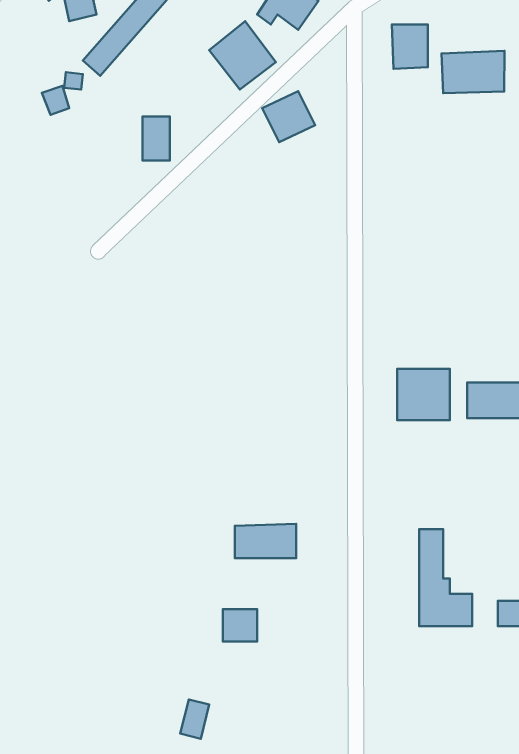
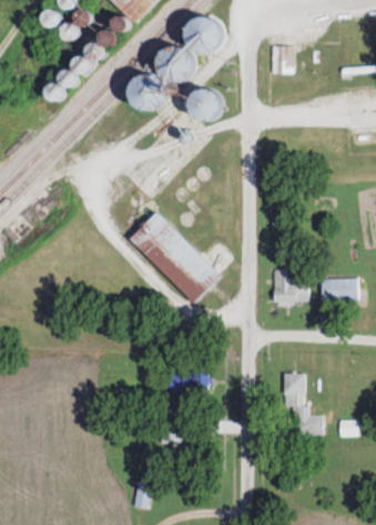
building: [442,51,504,93] -> none
building: [142,116,170,161] -> [140,77,157,105]
building: none -> [130,212,220,303]

